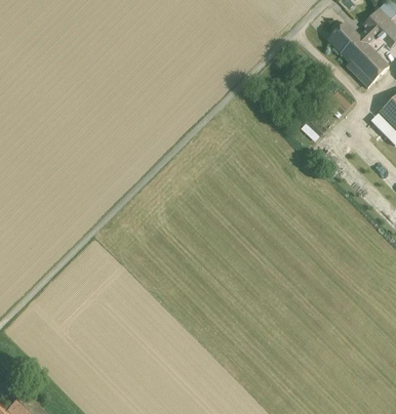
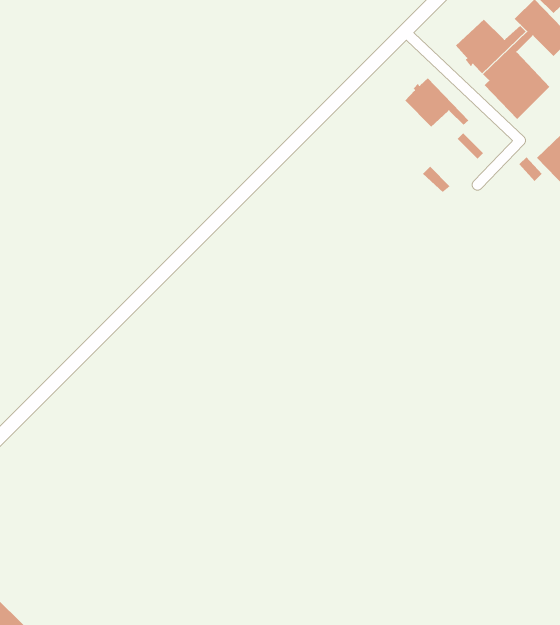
building: none -> [405,78,469,128]

